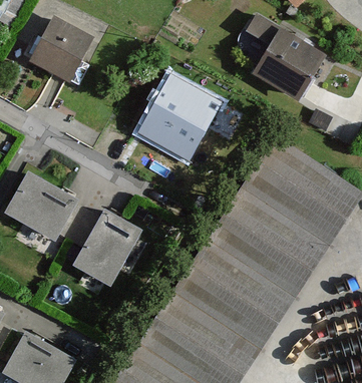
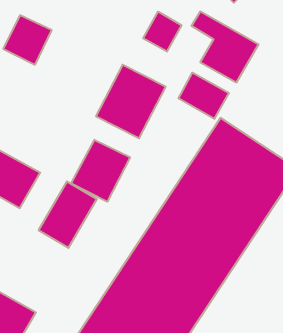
building: none -> [143,12,181,52]
building: none -> [178,73,229,119]
building: none -> [71,140,130,202]

